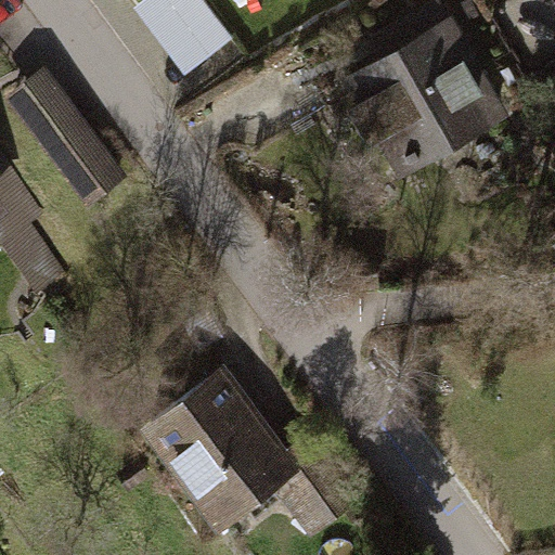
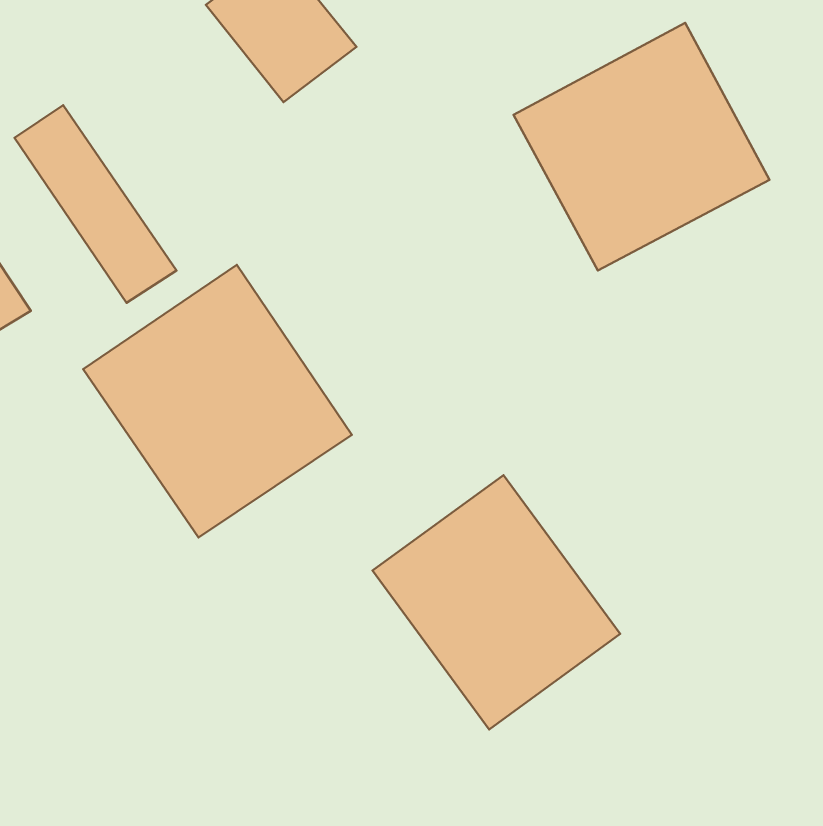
building: none -> [83,265,352,538]
building: [135,369,301,539] -> [372,475,620,729]

